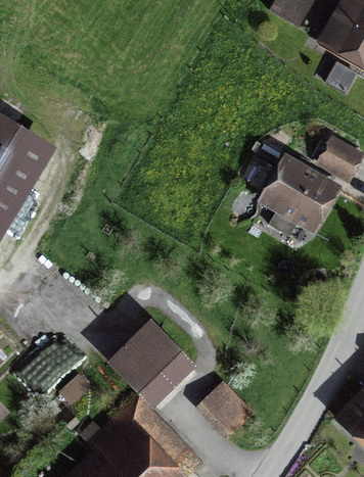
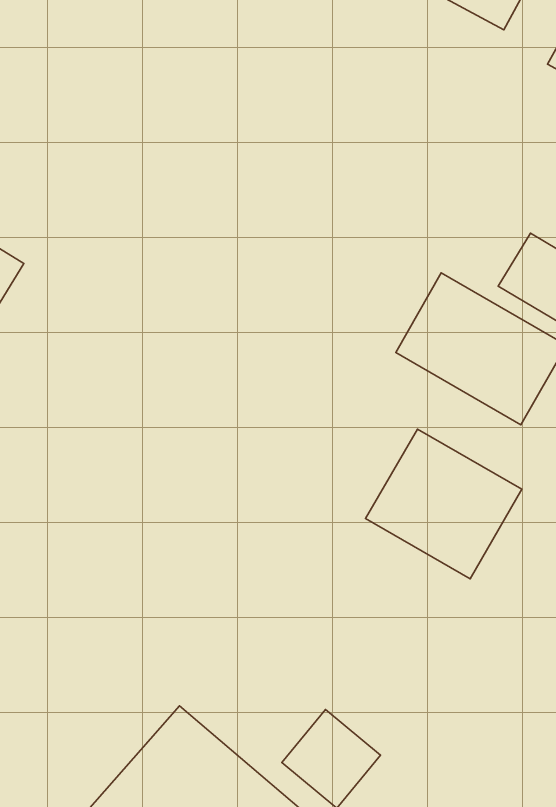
building: none -> [366,429,522,579]
building: [118,326,206,414] -> none

